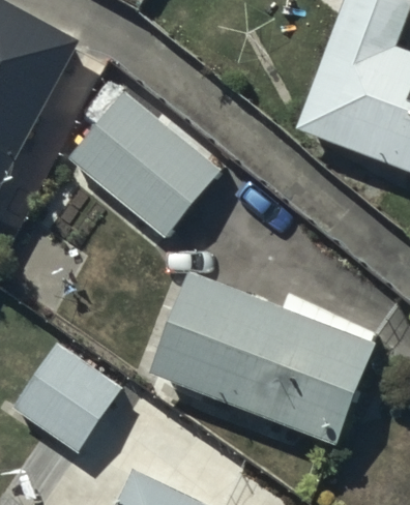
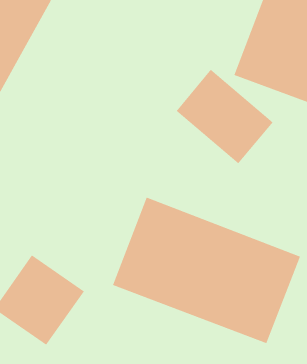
building: [68,89,218,233] -> none
building: none -> [176,69,273,164]

